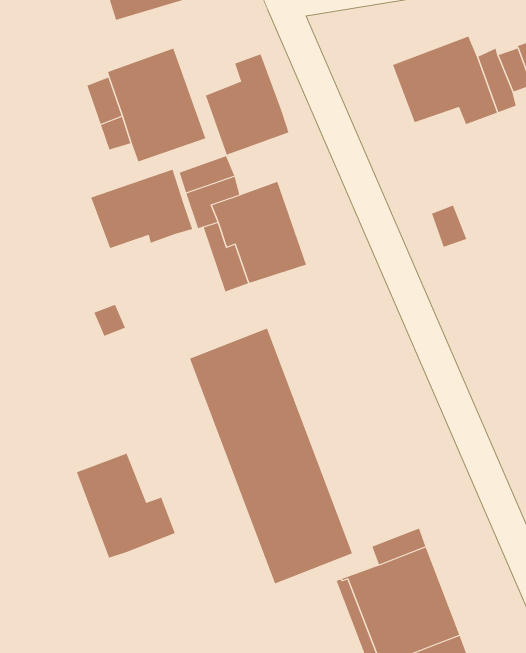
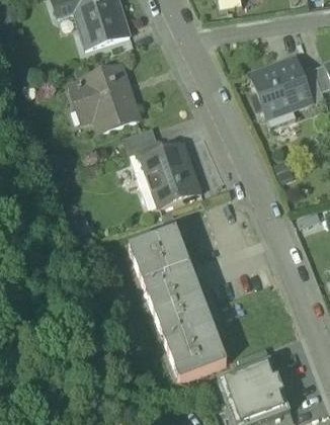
building: [205,53,289,155] -> none
building: none -> [263,98,296,125]
building: [91,169,193,249] -> none
building: [76,453,176,559] -> none

